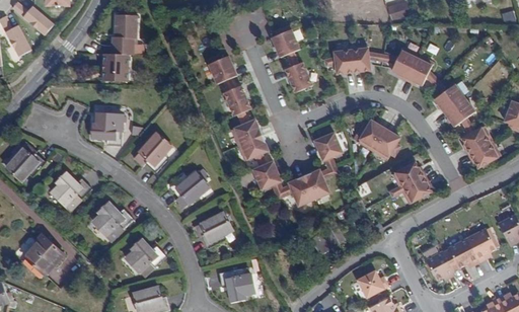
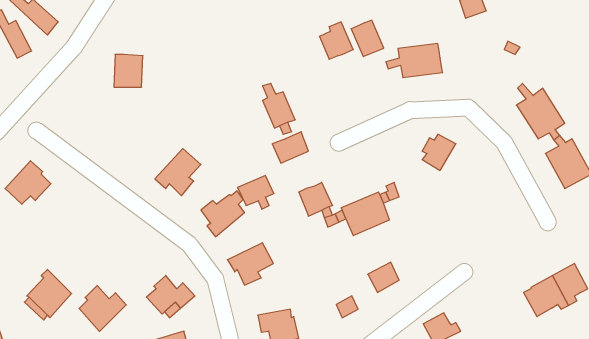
building: [106,15,132,55] -> none
building: [395,45,441,82] -> none
building: [207,55,236,83] -> none
building: [284,63,311,93] -> [351,20,384,57]
building: [92,113,122,145] -> none
building: [372,129,399,159] -> none
building: [314,133,342,160] -> none
building: [238,135,269,163] -> [238,175,274,209]
building: [388,161,431,203] -> none
building: [51,172,91,210] -> none
building: [93,202,133,240] -> [79,286,126,331]
building: [426,252,455,282] -> none

